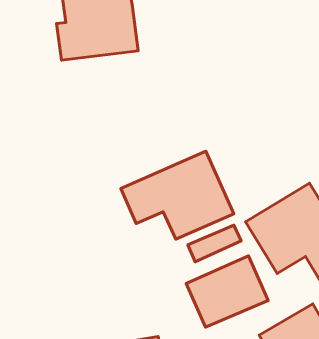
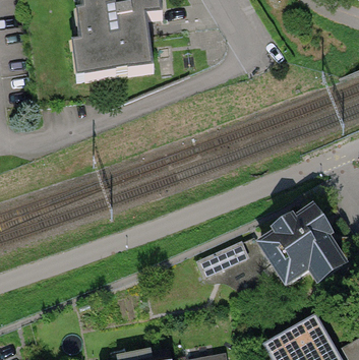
building: [121,151,234,239] -> none
building: [186,256,268,327] -> none

